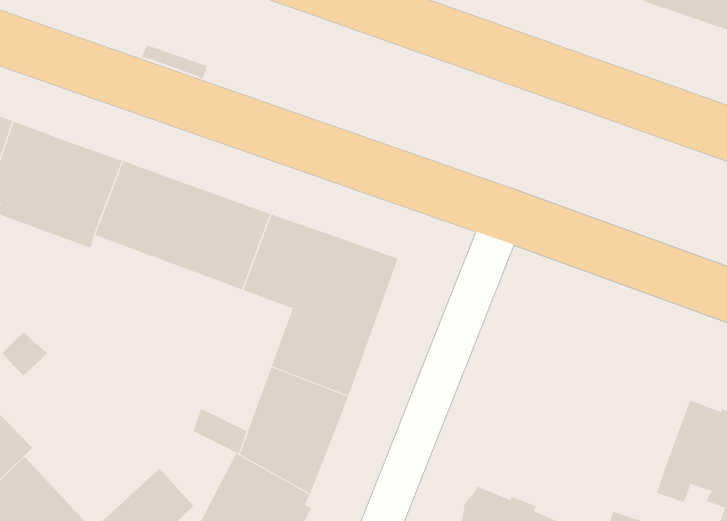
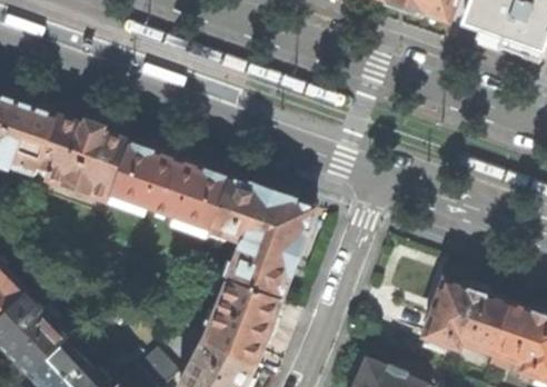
building: none -> [419,279,508,354]

